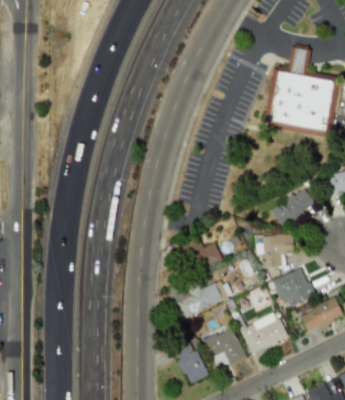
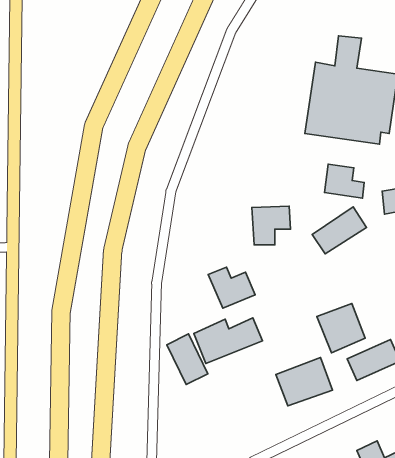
building: none -> [325,164,364,198]
building: [262,234,294,266] -> [252,206,290,245]
building: [204,327,245,369] -> none
building: [174,342,208,384] -> [167,334,208,385]

